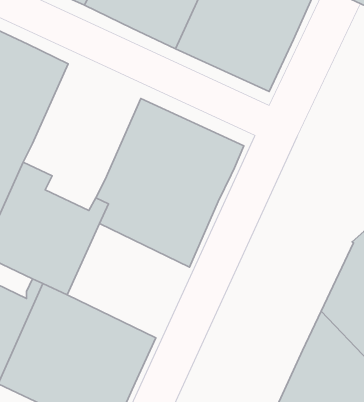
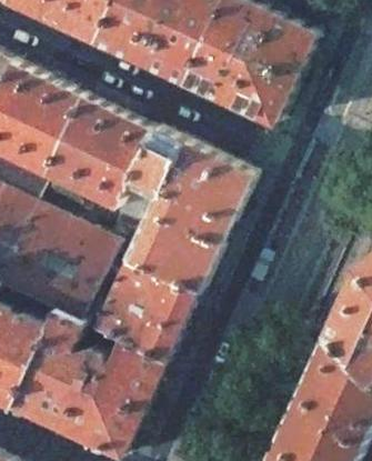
building: none -> [42,100,150,211]
building: none -> [79,253,197,363]

